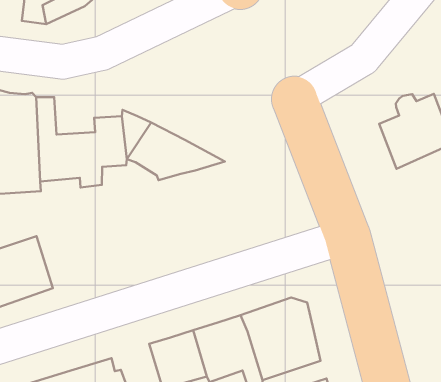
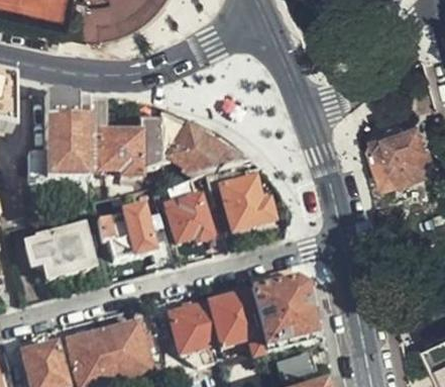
building: none -> [218,165,273,229]
building: none -> [168,196,211,240]
building: none -> [97,207,151,258]

